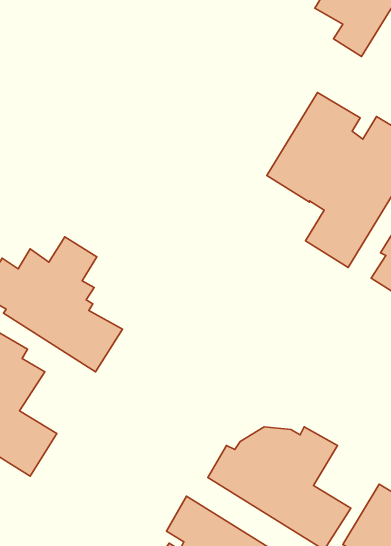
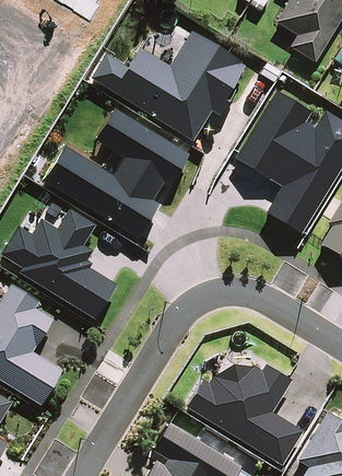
building: none -> [93,32,247,141]
building: none -> [46,108,190,237]

